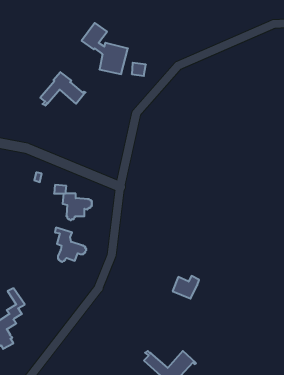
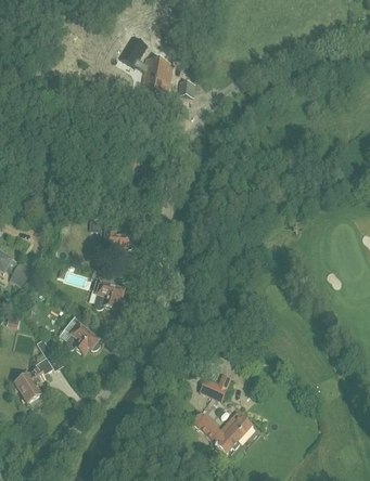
building: [40,72,86,106] -> none
building: none -> [64,315,100,353]
building: [173,276,199,299] -> [201,374,231,400]

